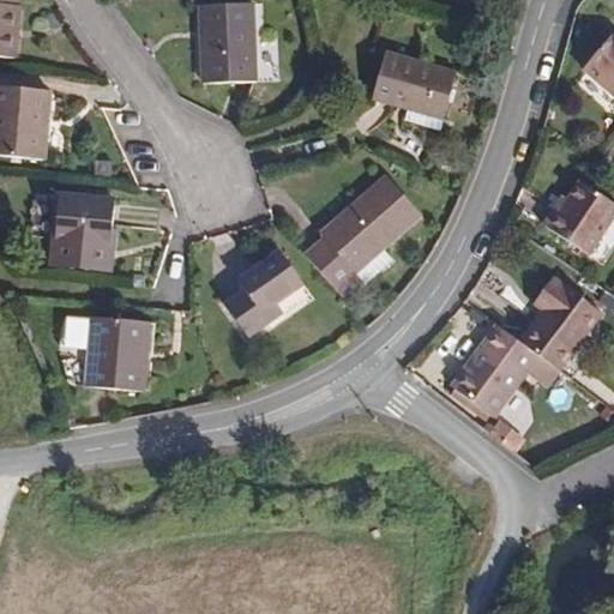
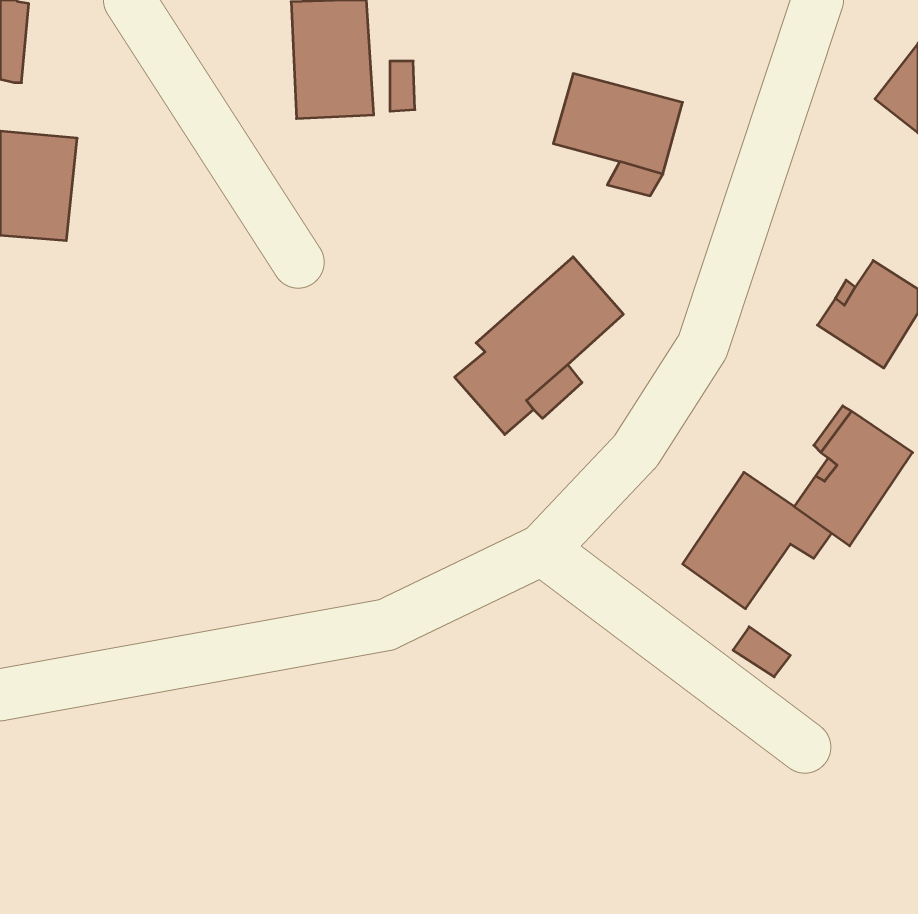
building: [52,194,118,270] -> none
building: [224,249,301,332] -> none
building: [85,317,150,391] -> none

